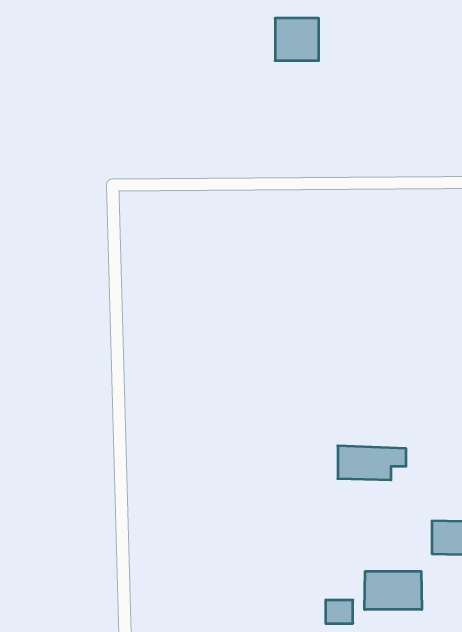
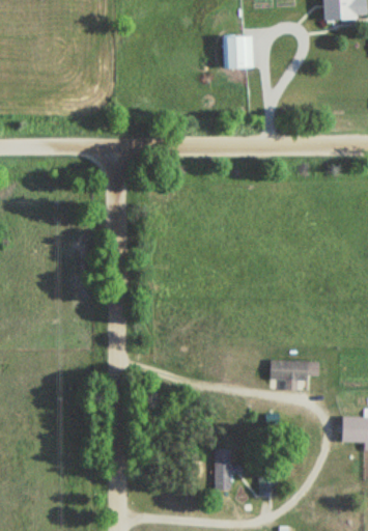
building: none -> [214,453,233,491]
building: [365,571,422,610] -> none

